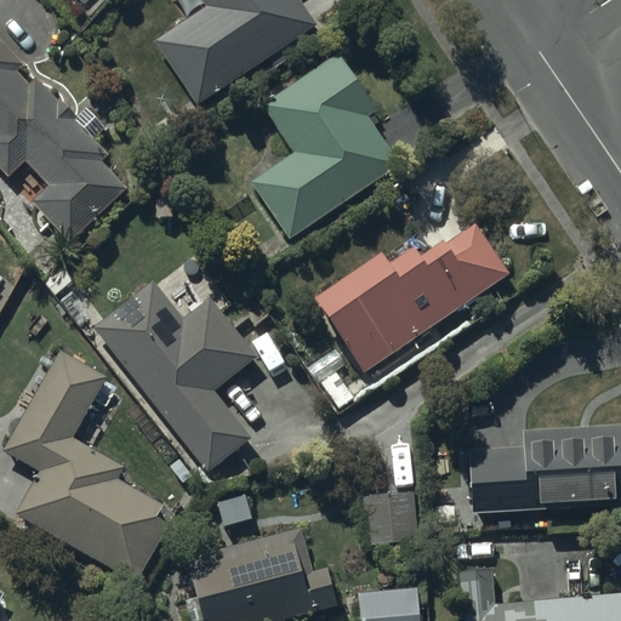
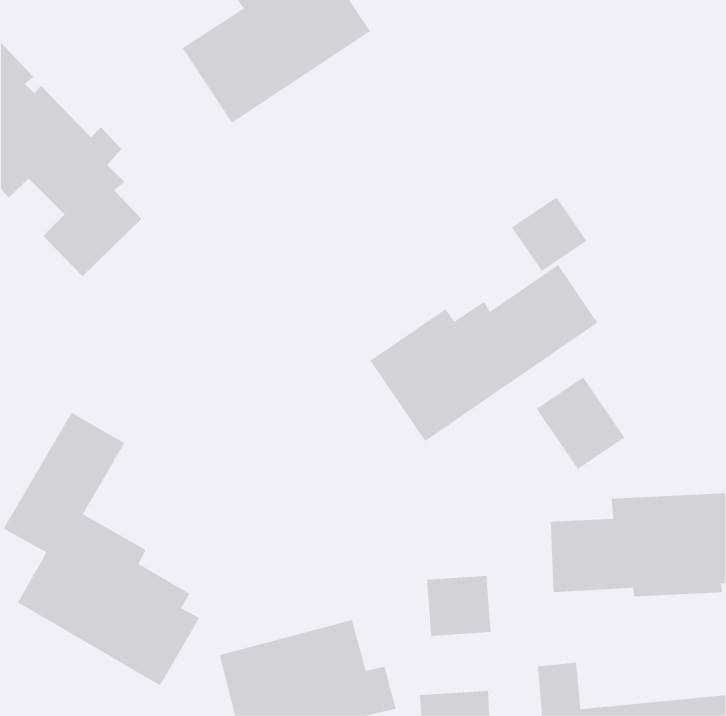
building: [251,53,399,239] -> none
building: none -> [511,196,587,272]
building: [95,281,257,472] -> none
building: none -> [536,376,625,470]

